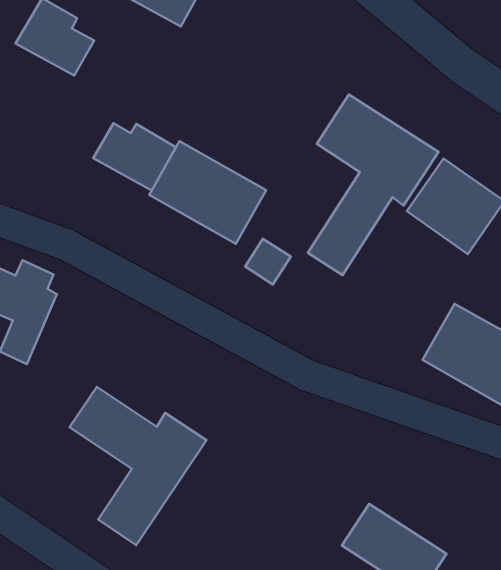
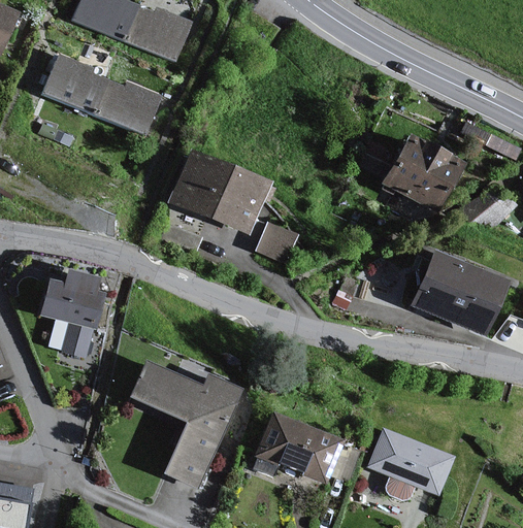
building: [308,94,438,275] -> none
building: [93,123,176,190] -> [94,78,160,131]
building: none -> [257,414,344,485]

